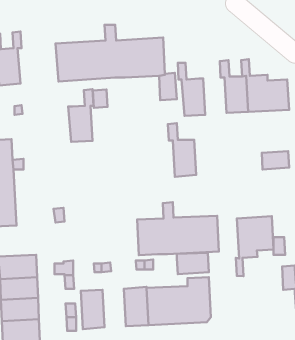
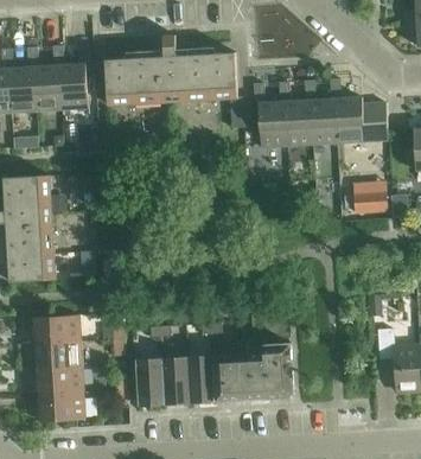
building: [68,89,94,142] -> [58,44,89,108]
building: [168,123,196,177] -> [278,81,312,146]
building: [137,202,219,255] -> none
building: [236,216,273,276] -> none
building: none -> [161,357,190,403]

